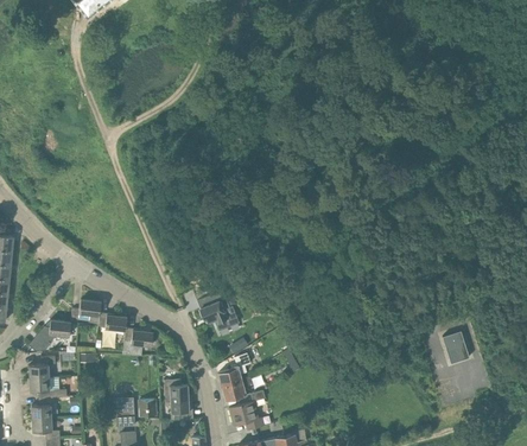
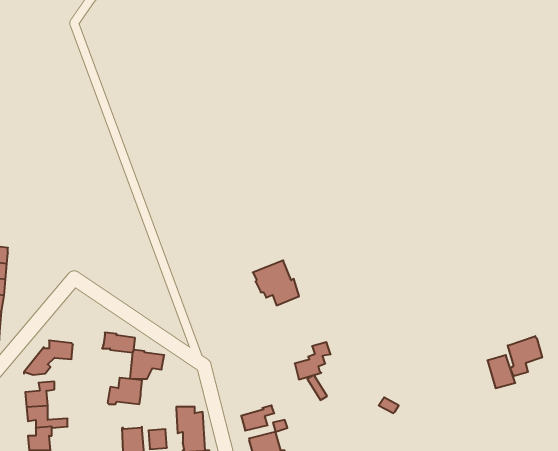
building: [197,289,239,330] -> [253,260,299,305]
building: [70,299,101,323] -> [108,378,142,404]
building: none -> [508,336,542,376]
building: [218,353,250,387] -> [295,342,331,379]

